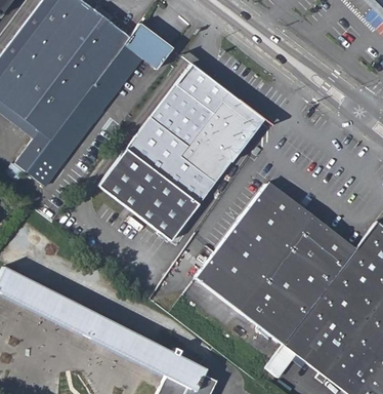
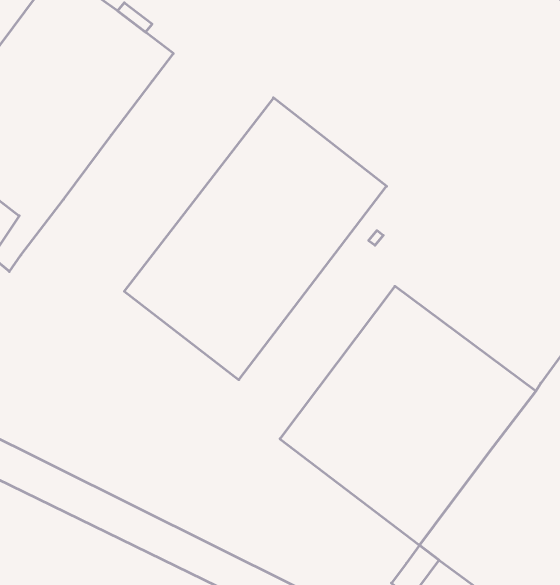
building: [27,24,172,187] -> none

